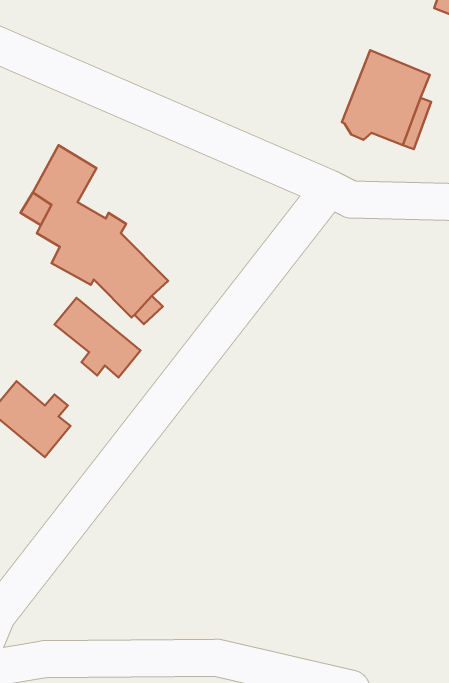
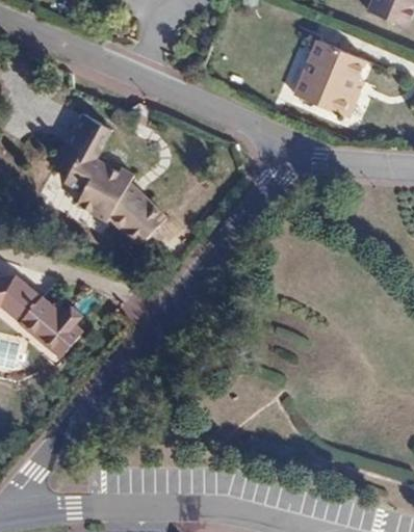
building: [54,298,141,377] -> none

